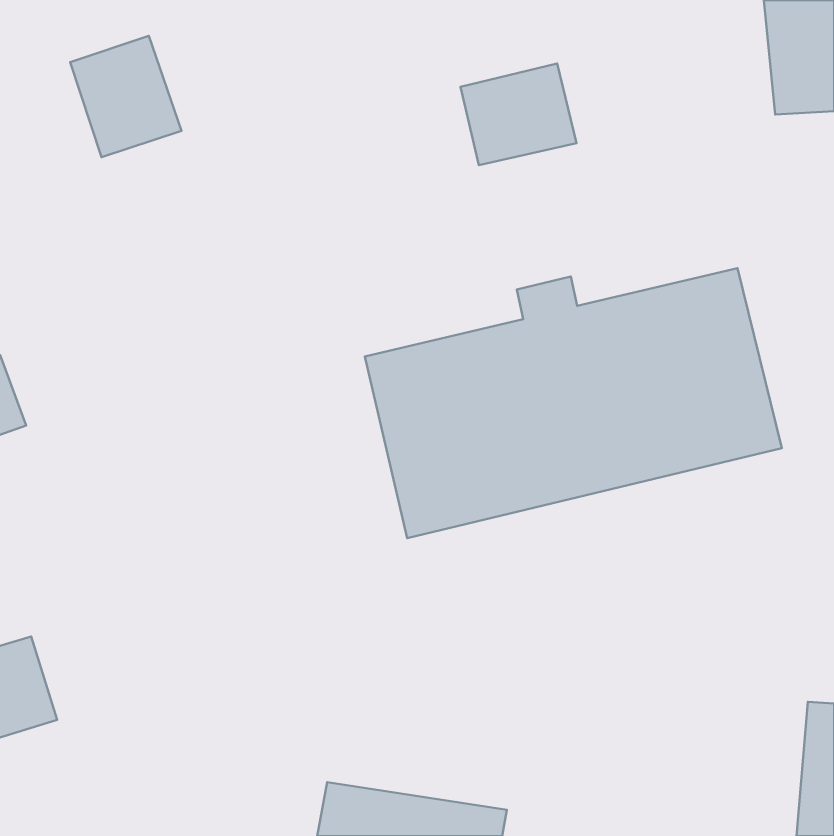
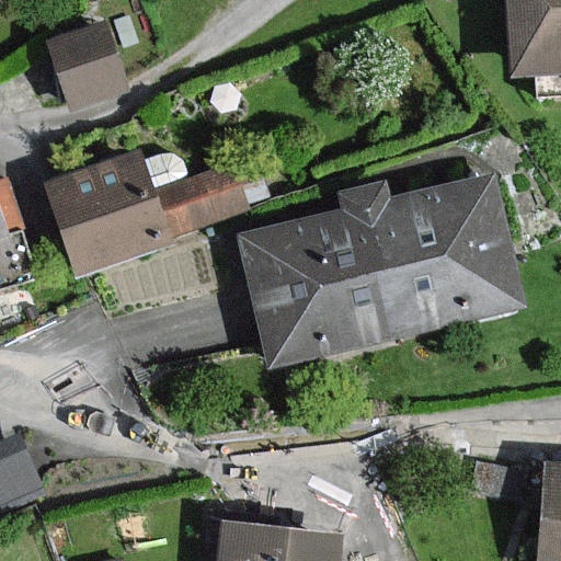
building: [461,63,576,165] -> none
building: none -> [50,156,239,268]

